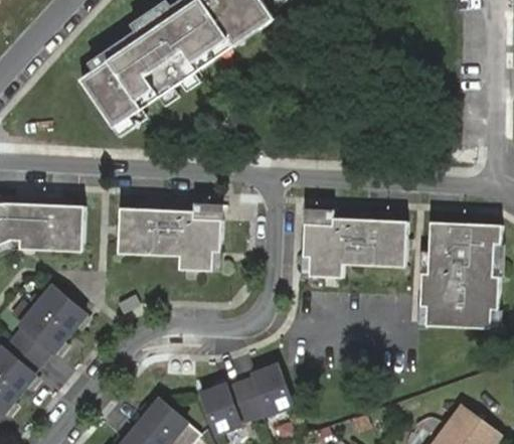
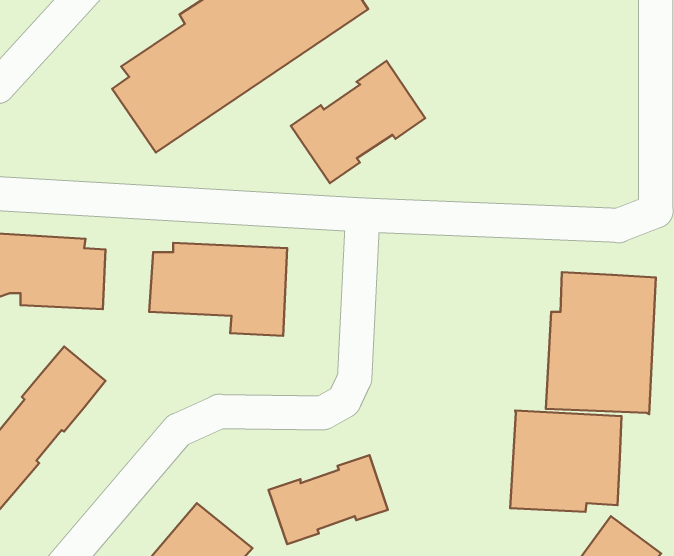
building: none -> [291,61,425,183]
building: [299,208,404,277] -> none
building: none -> [510,410,622,512]

